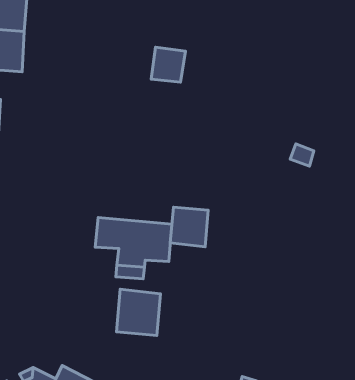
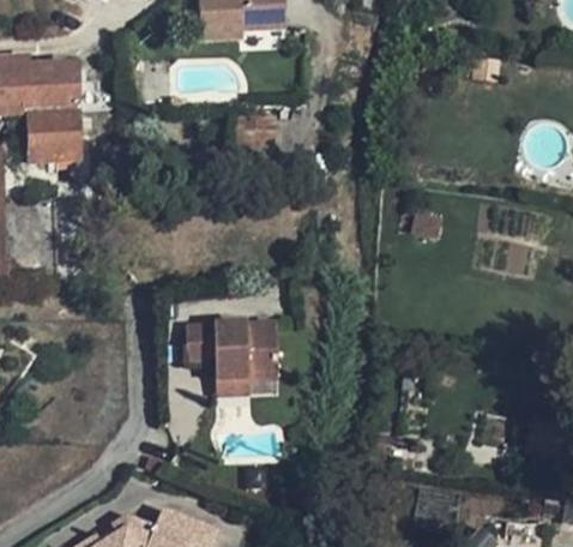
building: [170,207,208,247] -> none
building: [116,289,161,336] -> none

